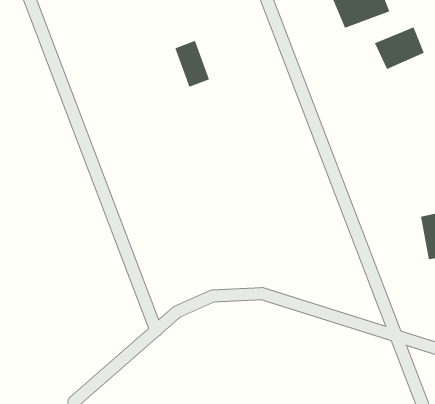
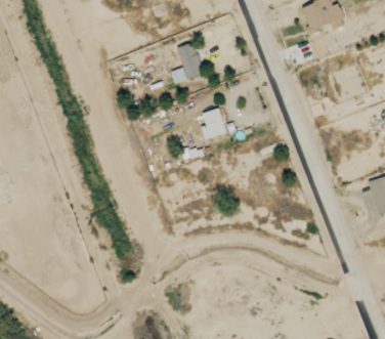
building: [374,26,424,70] -> none
building: none -> [201,108,226,138]

